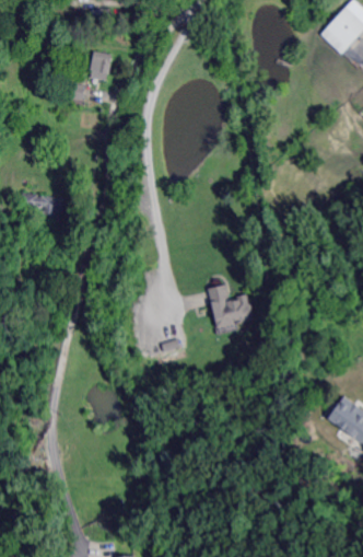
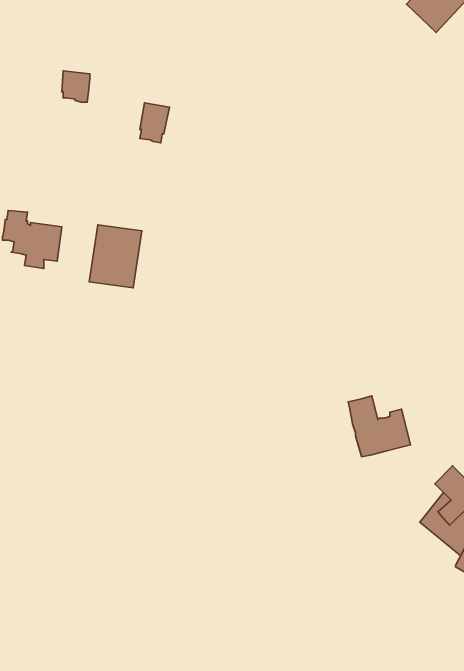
building: [91,51,113,81] -> [140,103,170,143]
building: none -> [89,225,142,288]
building: [208,283,254,328] -> [348,396,411,457]

